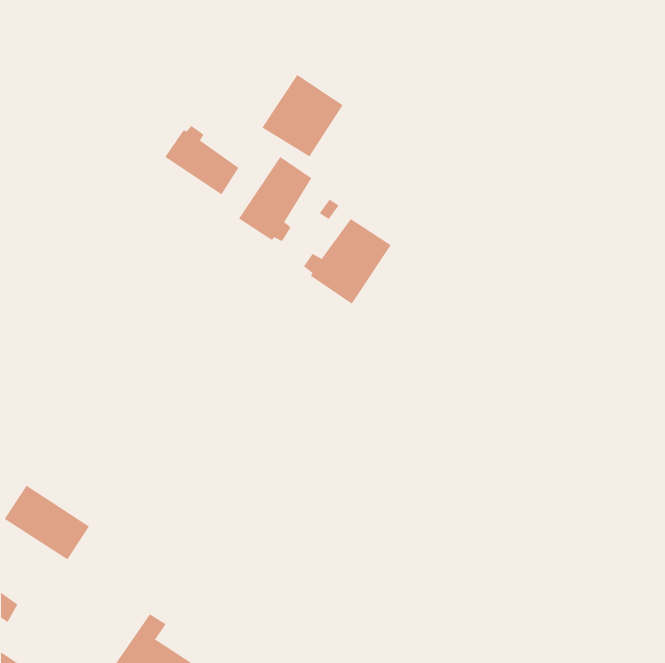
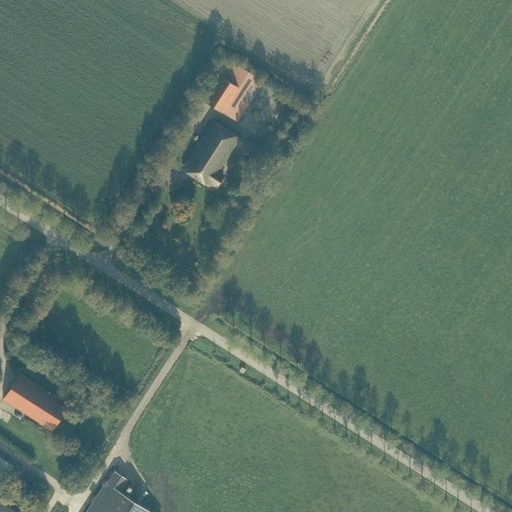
building: [165,125,239,195] -> none
building: [303,218,392,305] -> none

